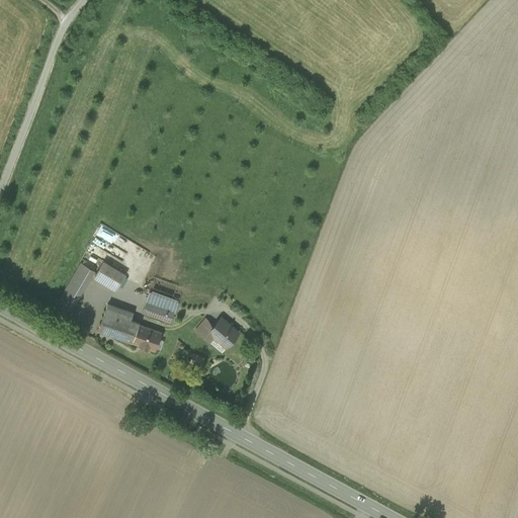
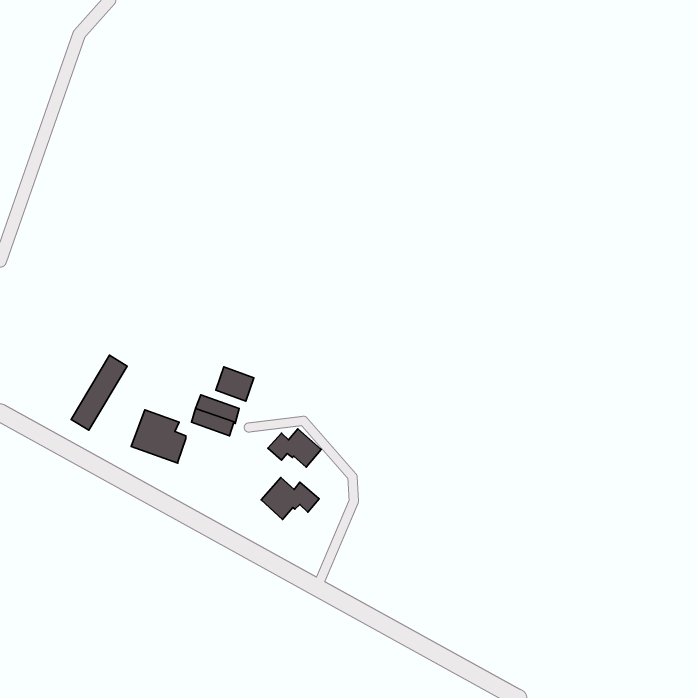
building: [95,262,125,289] -> none
building: [133,325,161,350] -> [216,367,254,401]
building: none -> [261,477,319,519]

